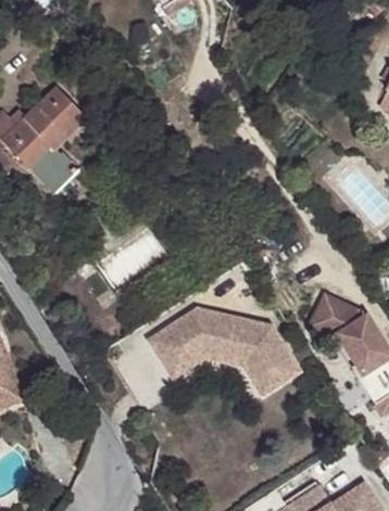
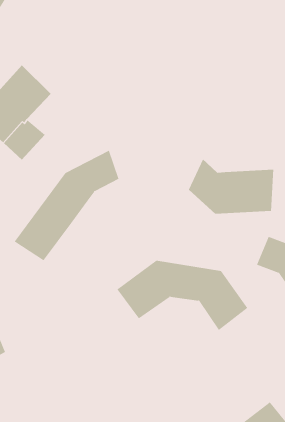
building: none -> [14,150,119,261]
building: none -> [188,159,274,215]

